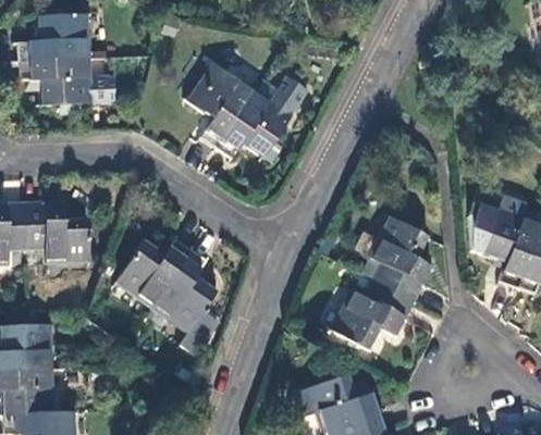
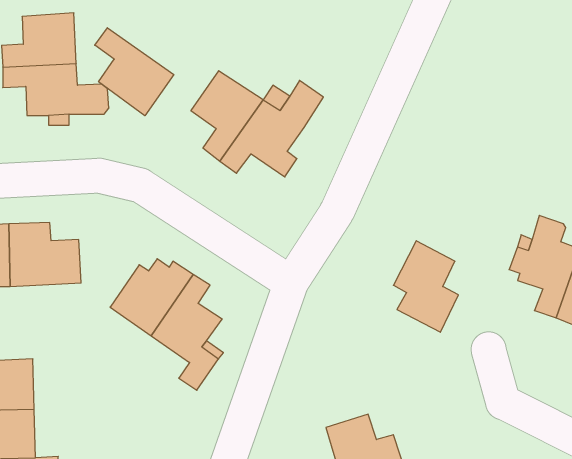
building: none -> [95,28,174,116]
building: [335,281,415,350] -> none

